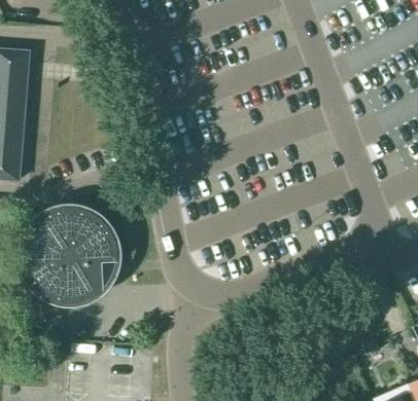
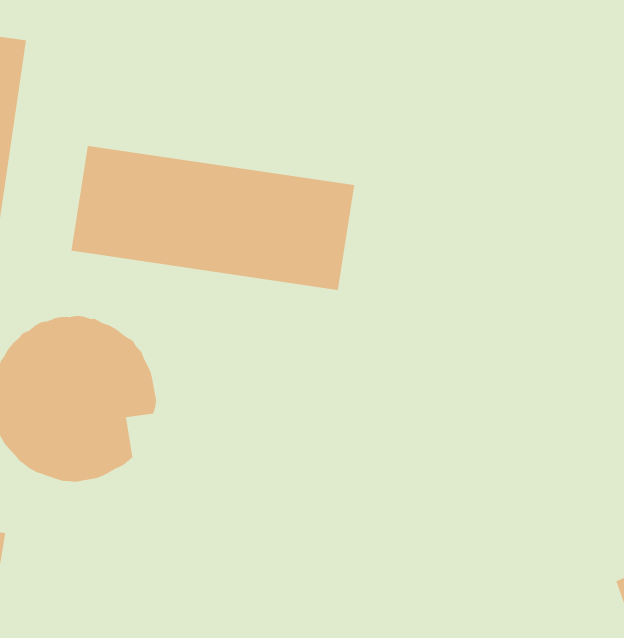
building: none -> [71,145,355,291]

